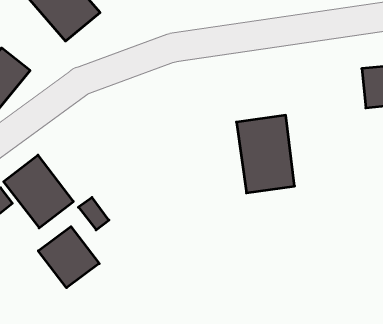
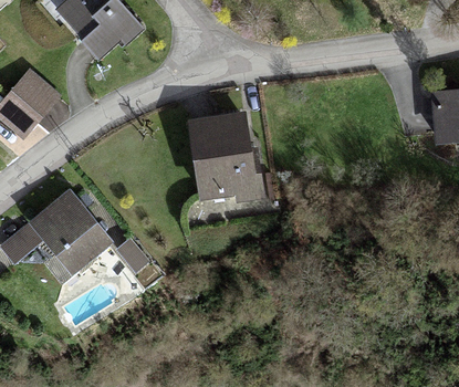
building: [236,115,295,193] -> [191,111,257,198]
building: [38,227,99,288] -> none

